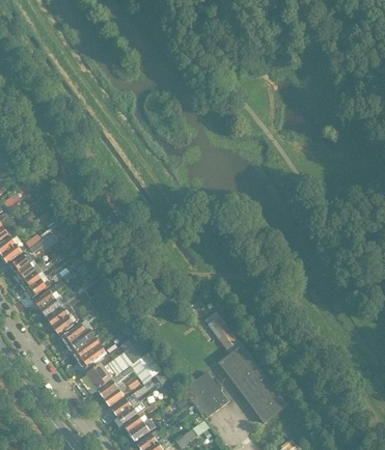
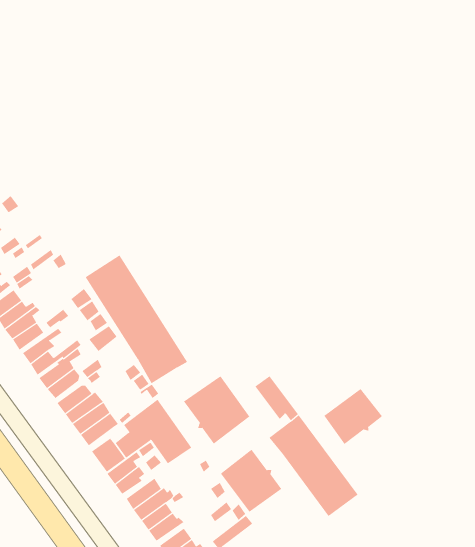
building: none -> [85,254,188,384]
building: none -> [183,376,250,444]
building: none -> [324,388,383,445]

